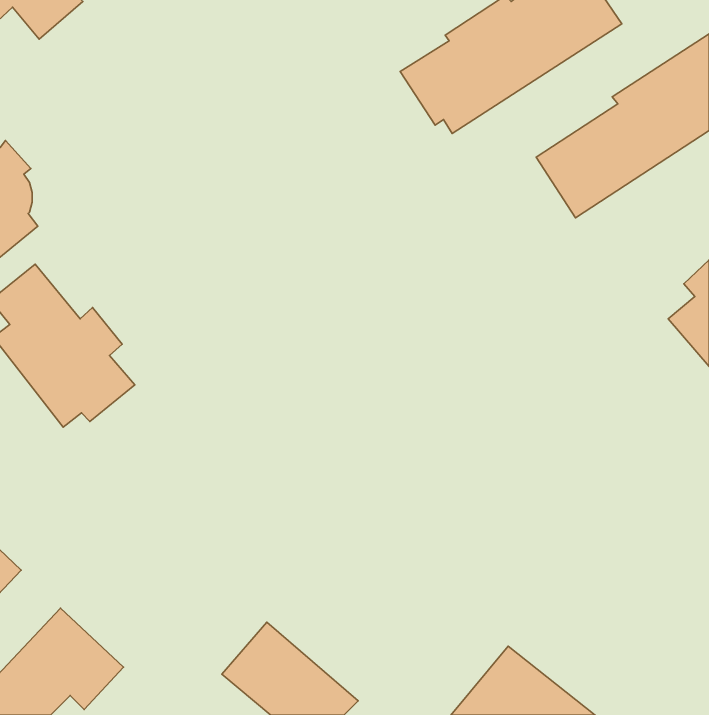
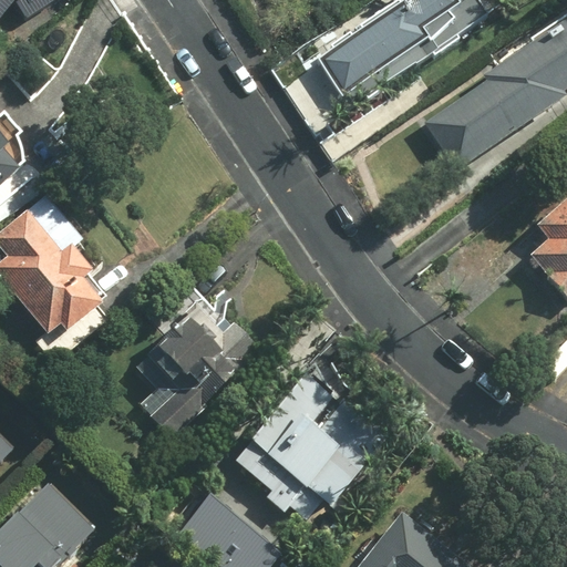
building: none -> [132,302,261,440]
building: none -> [235,374,390,520]

